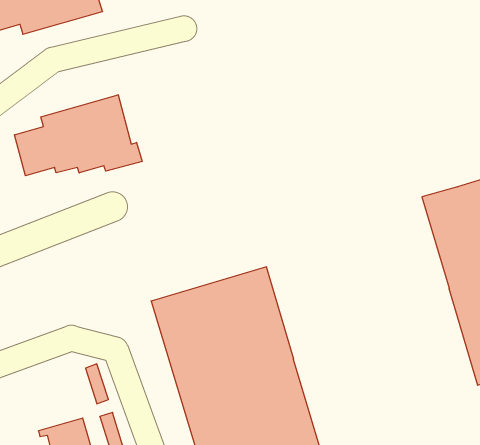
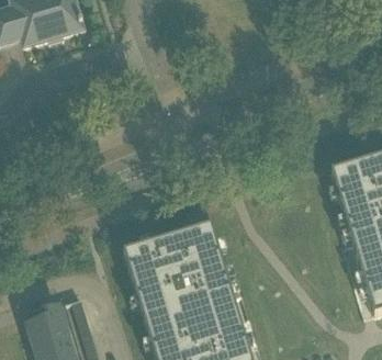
building: [14,95,142,176] -> none
building: none -> [25,303,68,348]

